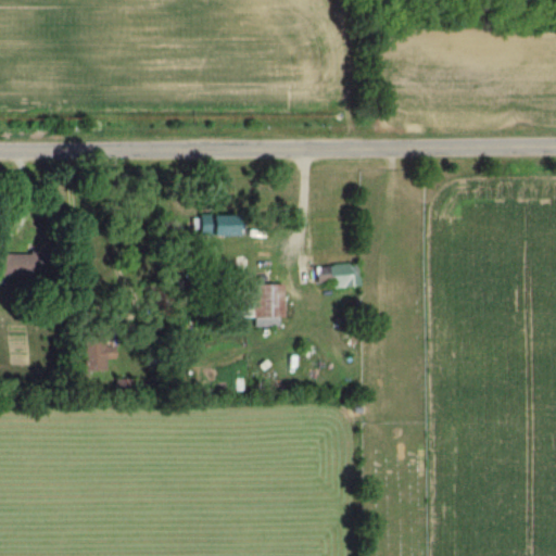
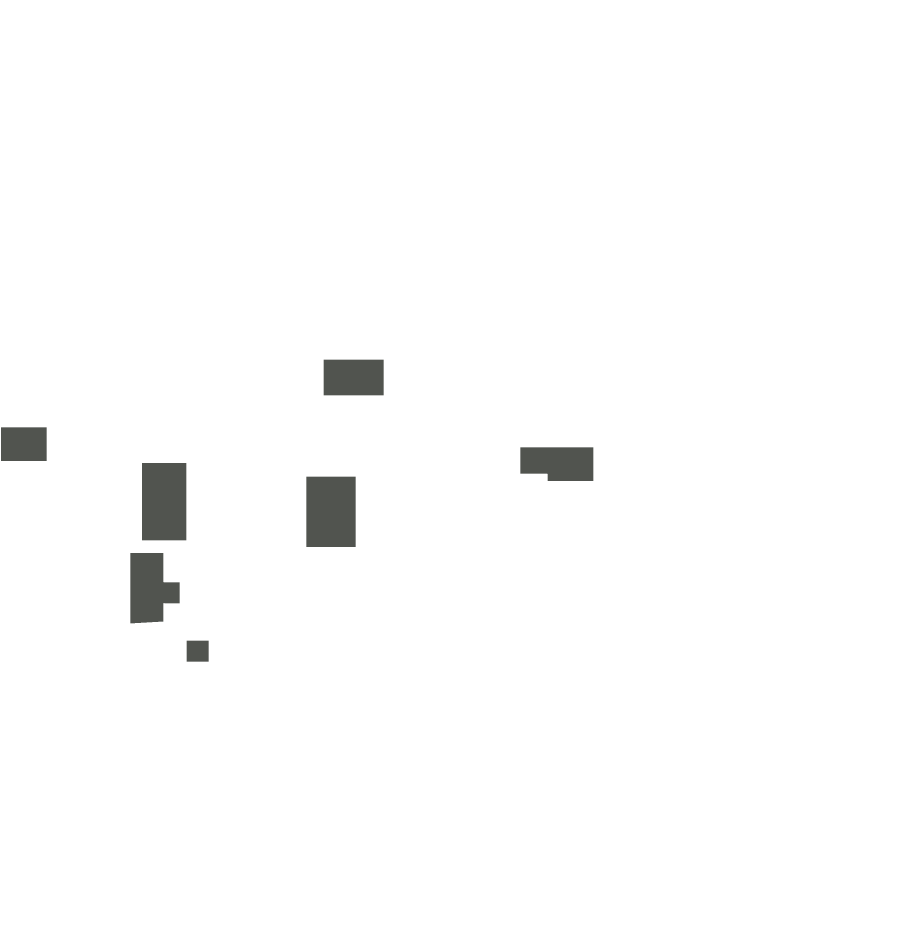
building: none -> [142,462,187,541]
building: [255,285,286,327] -> [305,476,357,547]

